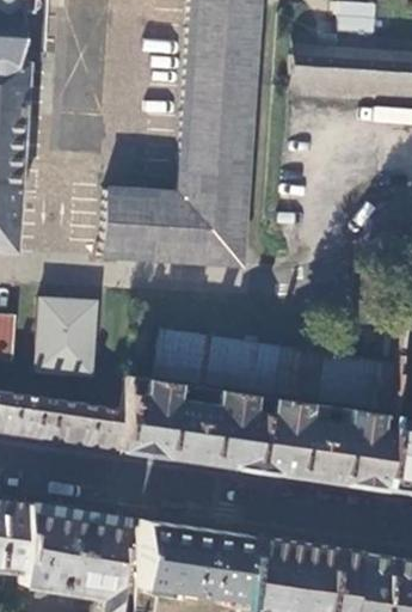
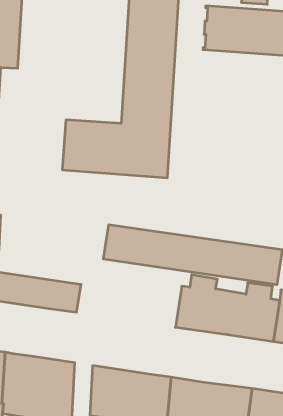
building: [41,304,100,380] -> none
building: [121,381,262,470] -> none

